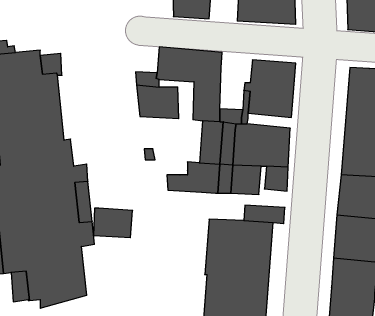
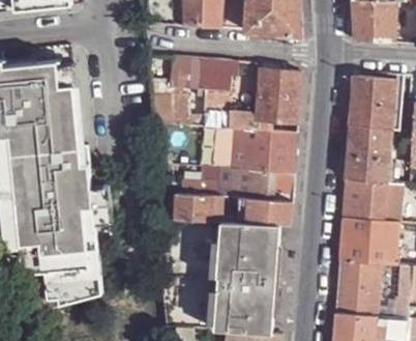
building: [94,208,133,238] -> [175,193,212,221]

